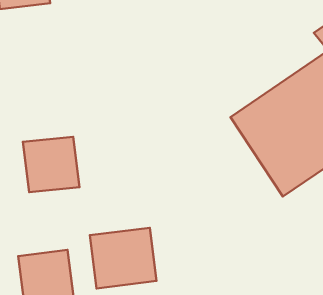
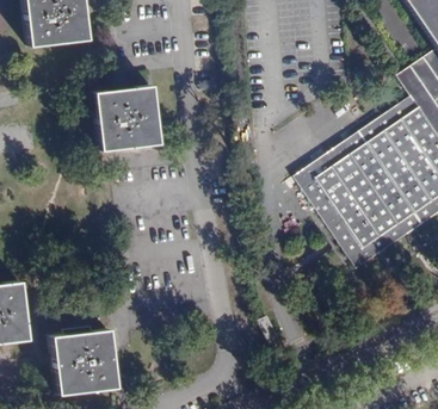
building: [23,137,80,192] -> [95,85,161,149]
building: [90,228,157,288] -> none

